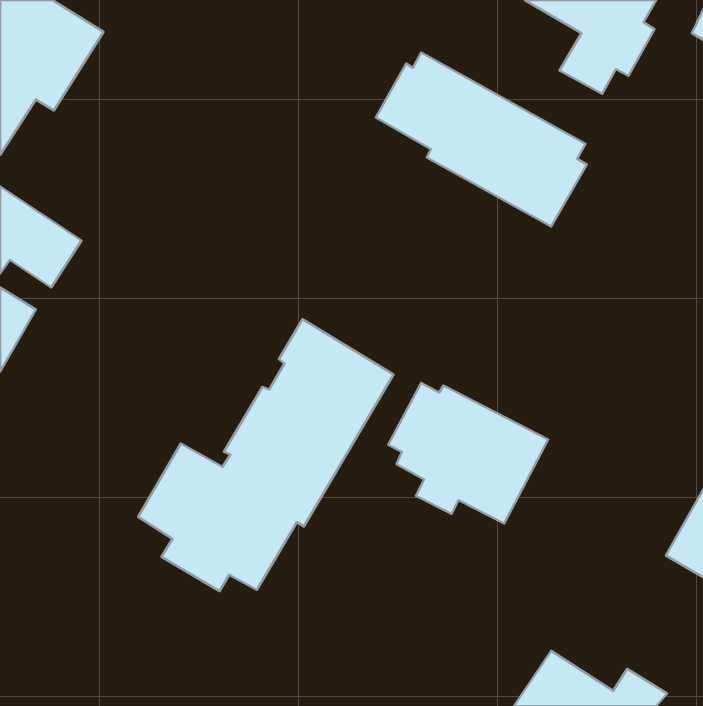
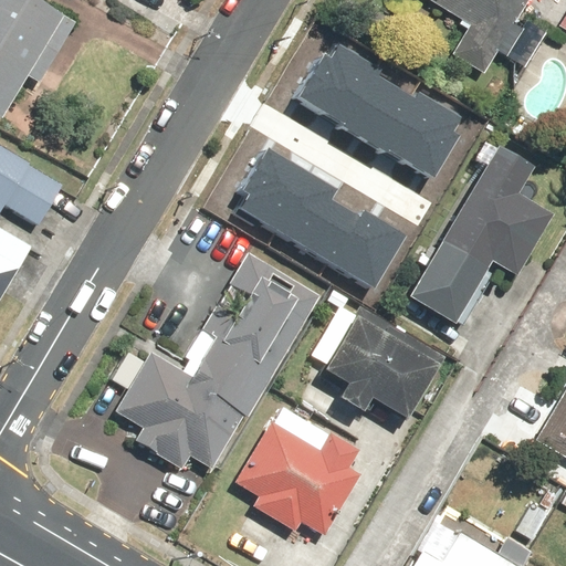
building: none -> [403,145,552,332]
building: none -> [243,148,411,291]
building: none -> [233,405,359,536]

